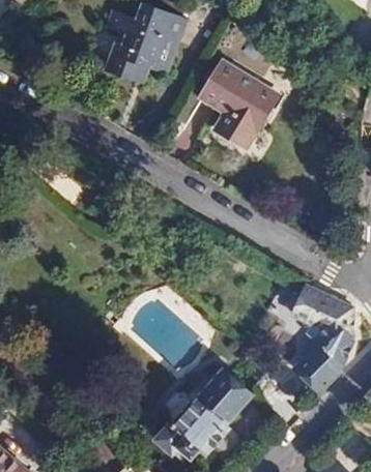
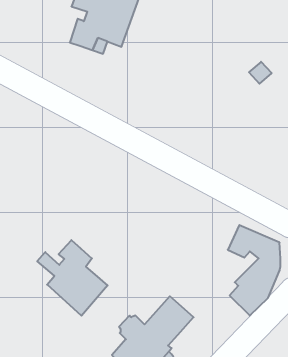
building: [199,60,278,145] -> none
building: none -> [37,240,108,316]

